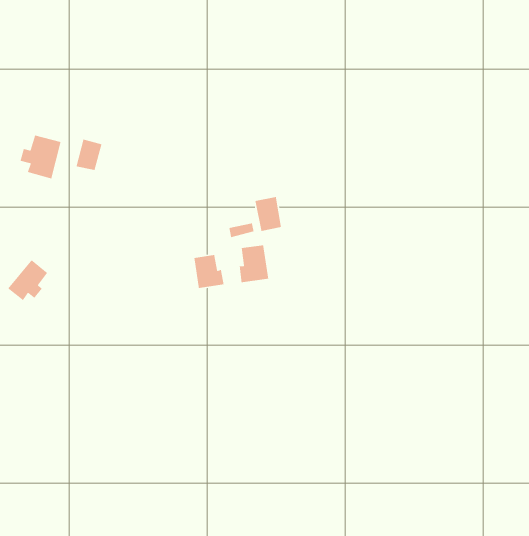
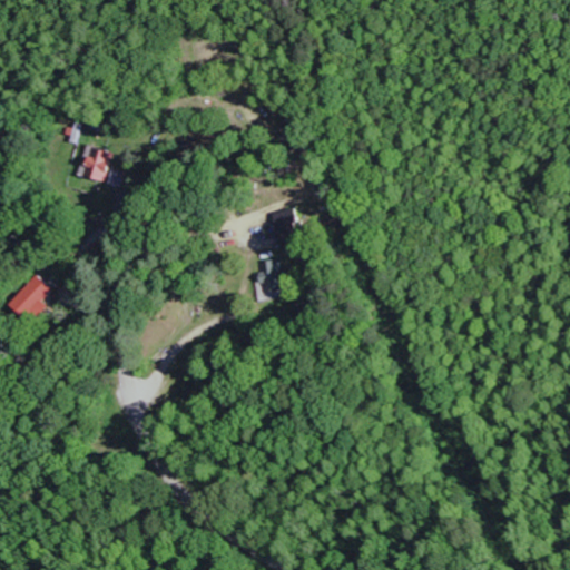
building: [20,135,61,179] -> none
building: [194,254,224,289] -> none

